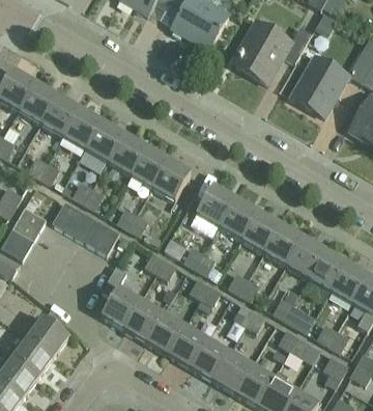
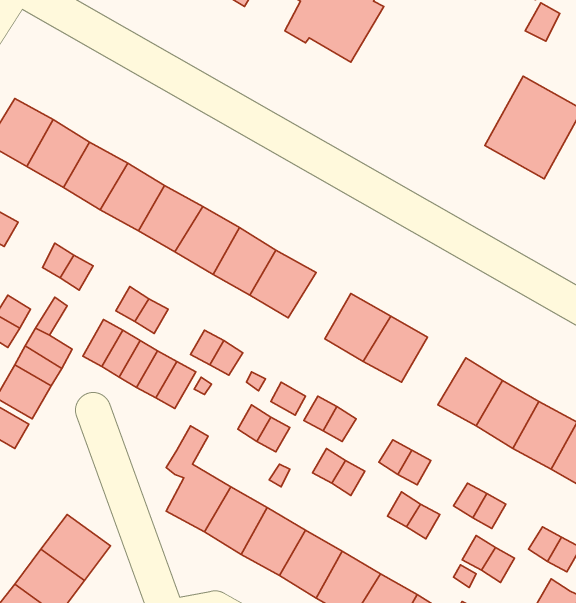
building: [236,22,313,84] -> none
building: [241,212,280,252] -> none

